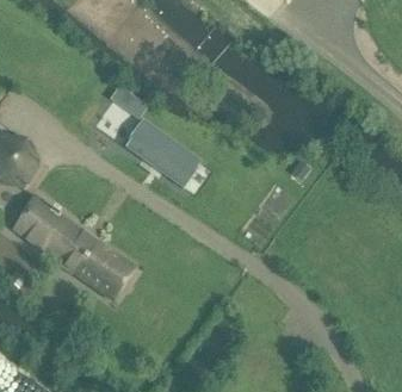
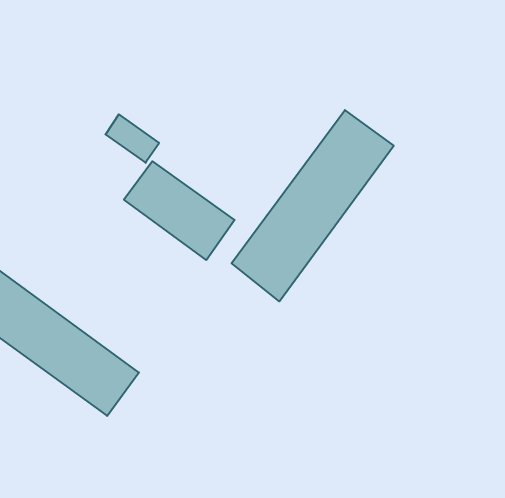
building: none -> [232,110,394,301]

